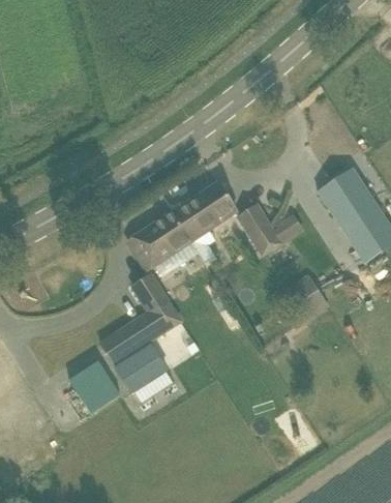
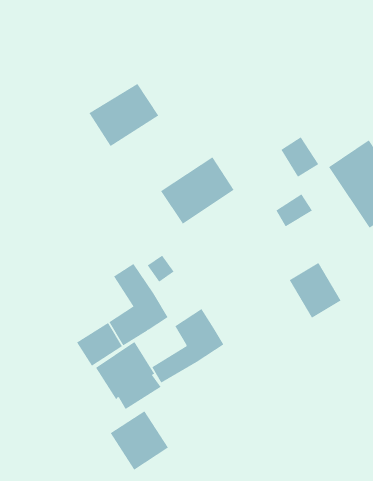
building: [239,205,272,240] -> [281,137,319,177]
building: [130,212,191,267] -> [88,83,159,147]
building: none -> [151,308,224,384]
building: [68,360,119,412] -> [110,410,169,470]

